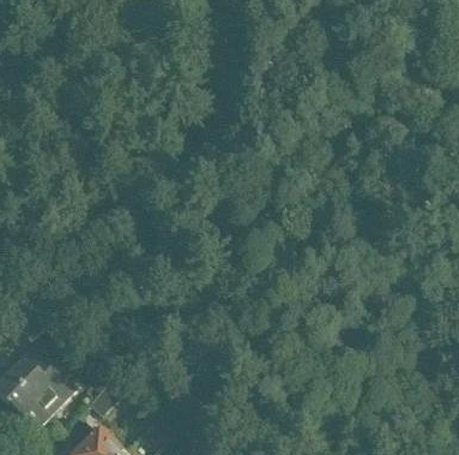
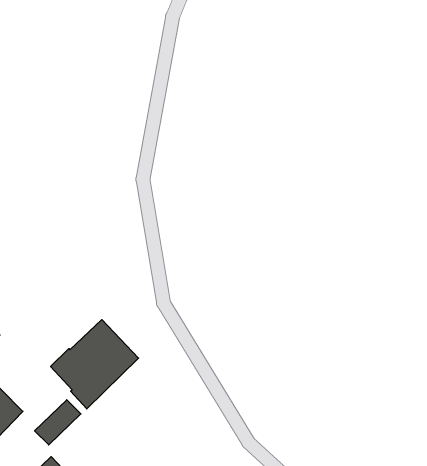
building: none -> [51,320,139,409]

